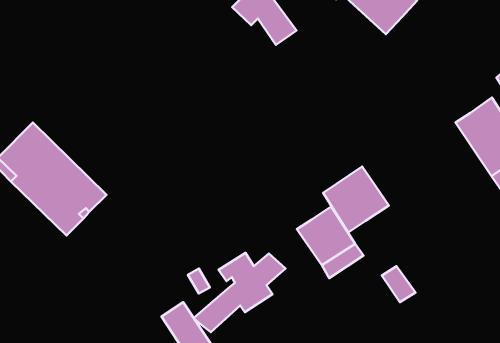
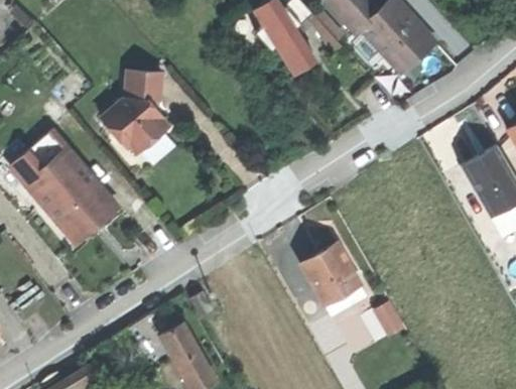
building: none -> [102,72,167,153]
building: [323,167,389,233] -> none
building: [194,253,286,332] -> none

